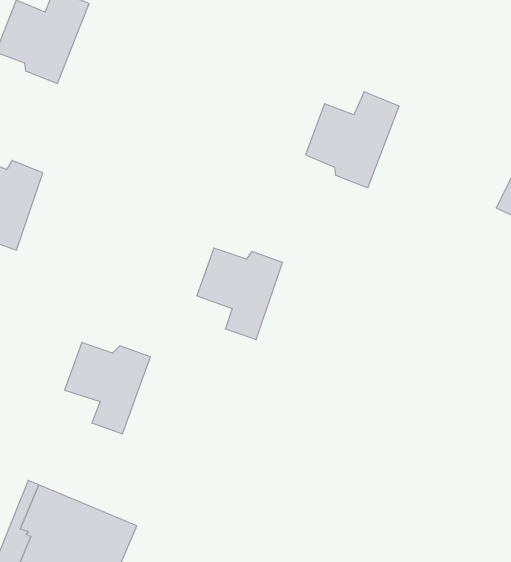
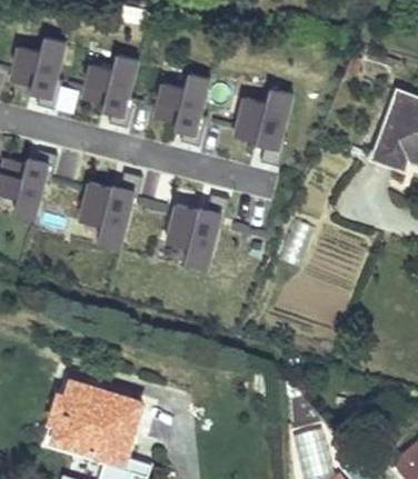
building: none -> [80,51,142,118]
building: none -> [155,73,217,139]
building: [65,342,150,434] -> [80,184,138,246]

